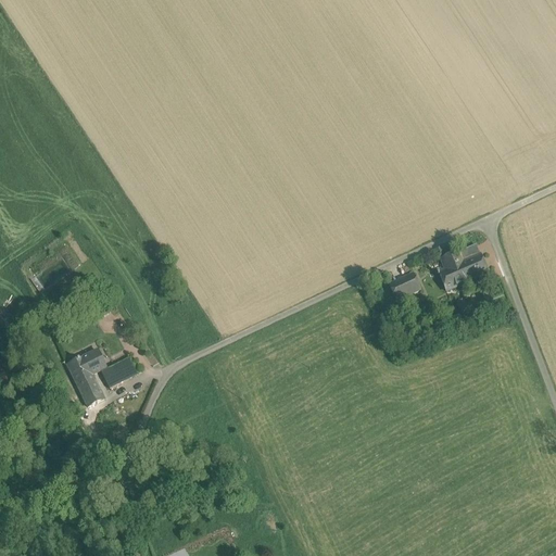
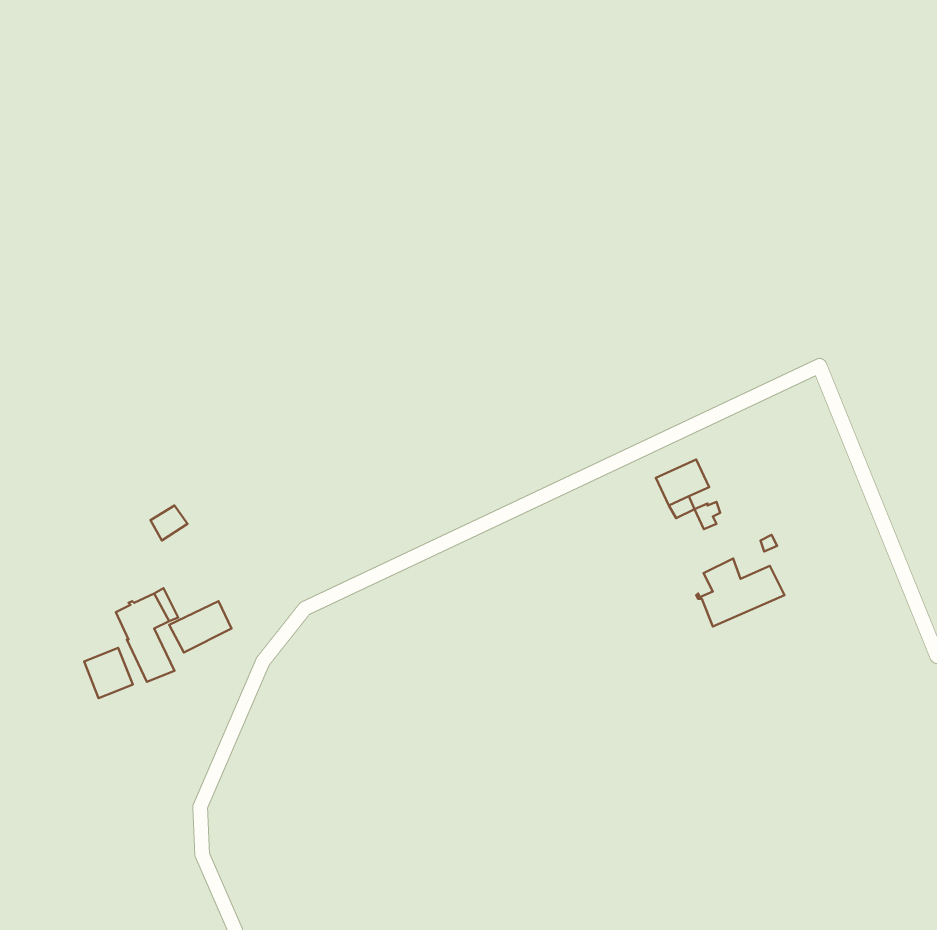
building: [435,249,488,289] -> [696,559,784,627]
building: none -> [84,648,133,698]

